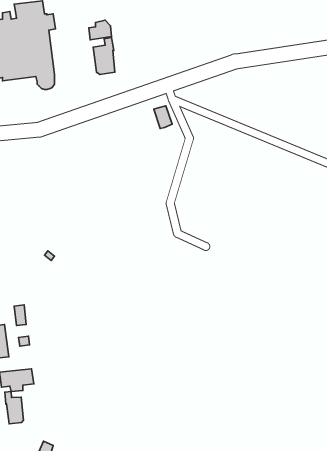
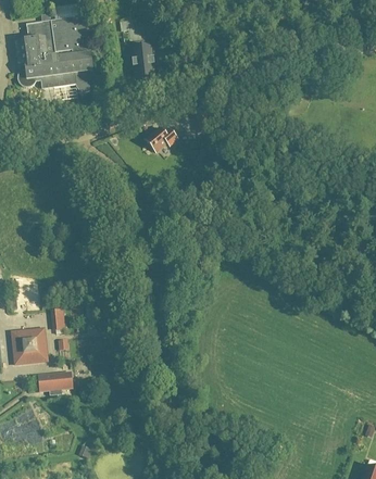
building: none -> [145,127,178,153]
building: [5,392,23,424] -> none

